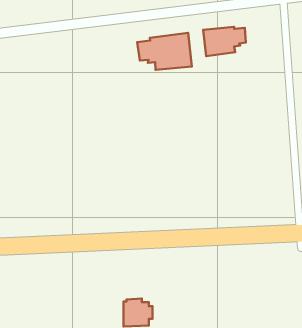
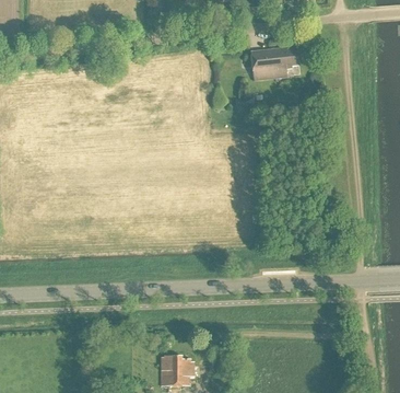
building: [137,33,192,70] -> none

